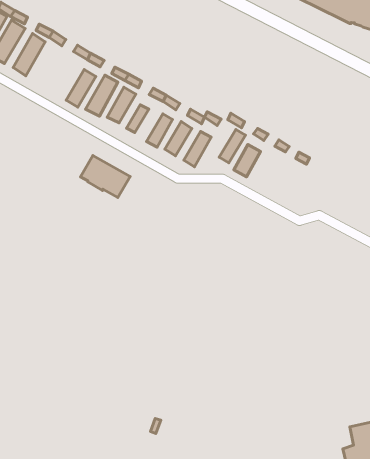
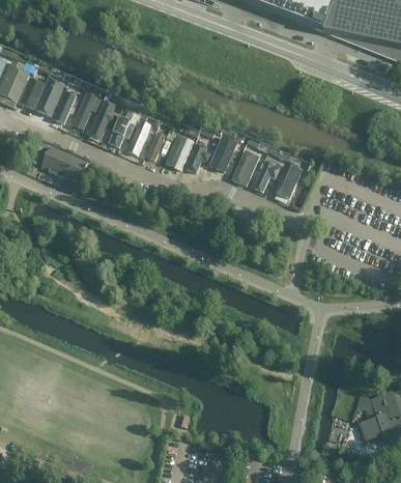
building: none -> [36,76,63,115]
building: none -> [54,86,83,126]
building: [80,155,130,198] -> [41,144,87,180]
building: none -> [254,159,281,194]
building: none -> [277,164,302,197]

